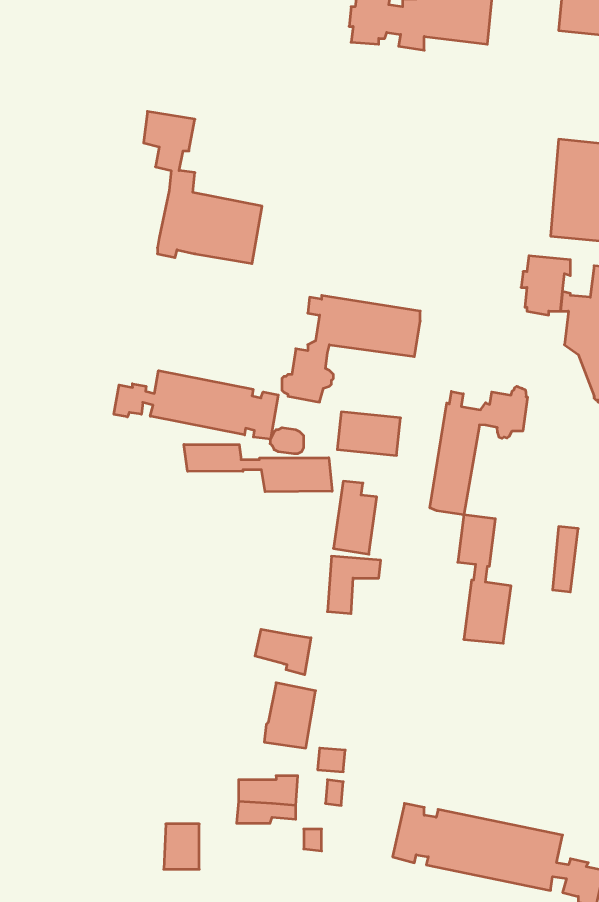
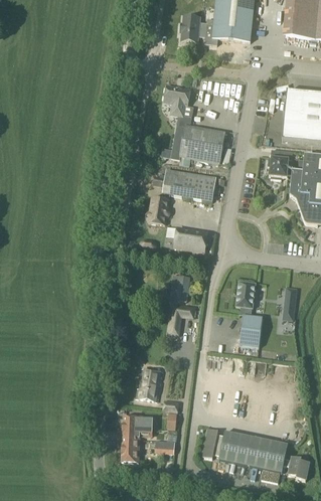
building: [144,111,262,264] -> [165,85,225,162]
building: [114,371,278,439] -> none
building: [430,386,528,515] -> none
building: [184,444,332,492] -> none
building: [255,629,311,675] -> none
building: [164,824,199,869] -> [122,438,140,461]

